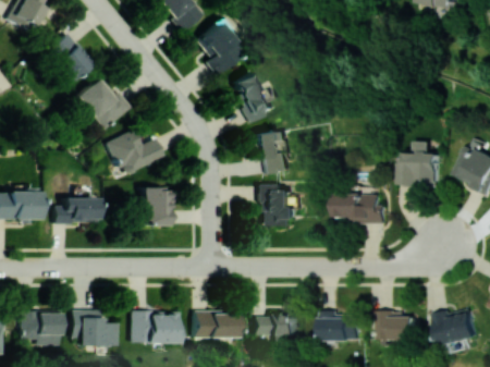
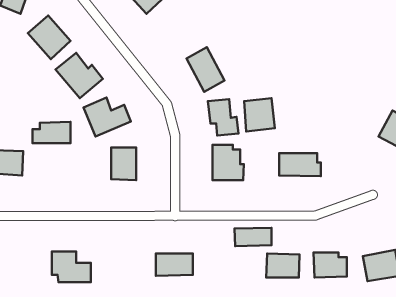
building: [194,21,242,74] -> none
building: none -> [244,98,275,131]
building: [399,140,442,185] -> none
building: [50,197,95,222] -> [32,122,70,143]
building: [19,309,59,345] -> none
building: [128,310,177,343] -> none
building: [253,314,296,335] -> [234,228,271,246]

